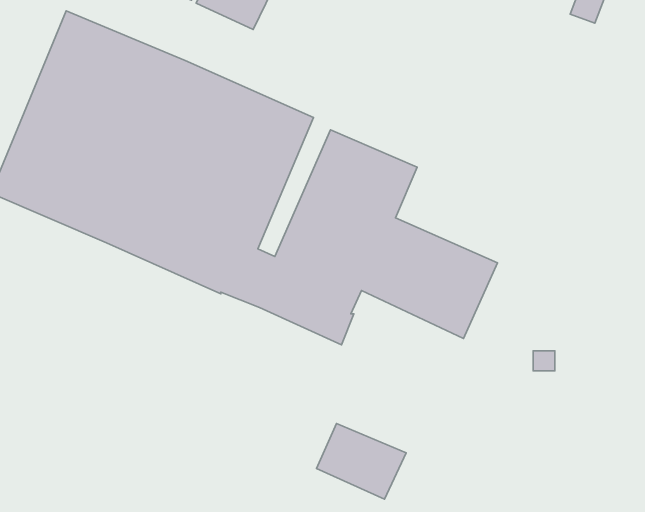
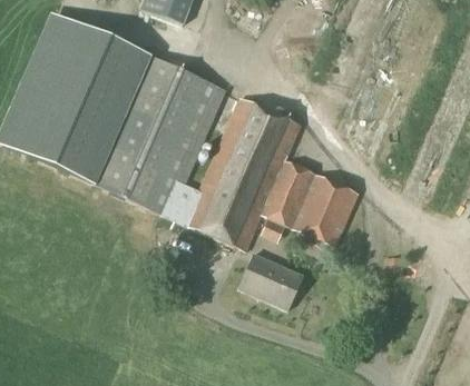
building: [316,424,406,499] -> [238,254,303,308]

